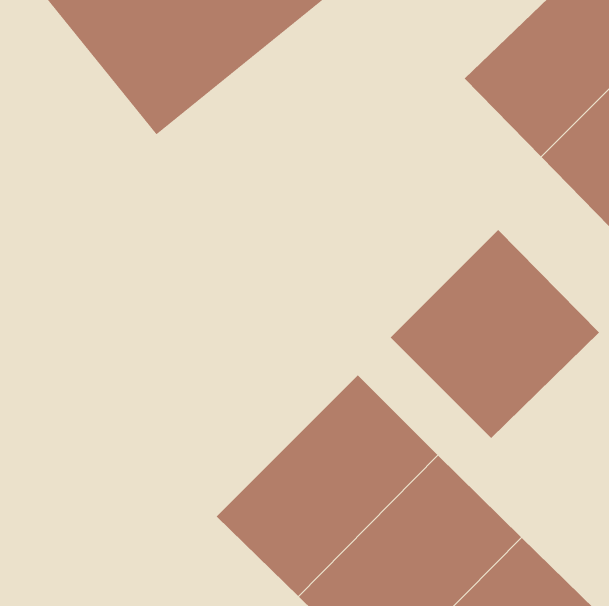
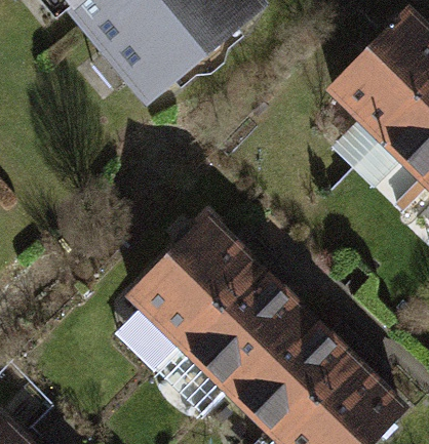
building: [390,229,600,439] -> none
building: none -> [121,210,258,347]

